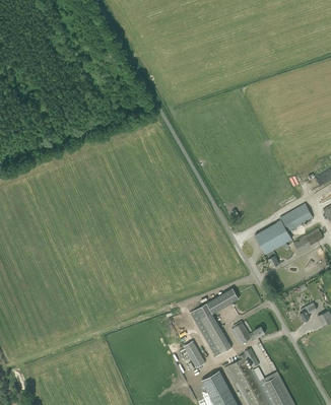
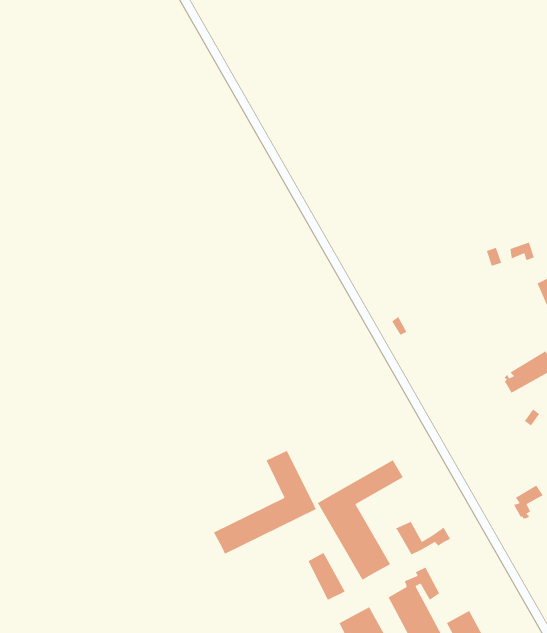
building: [255,203,314,267] -> none
building: none -> [213,450,317,555]

